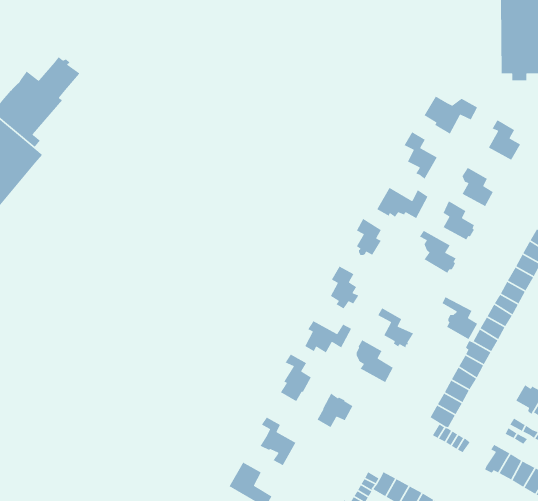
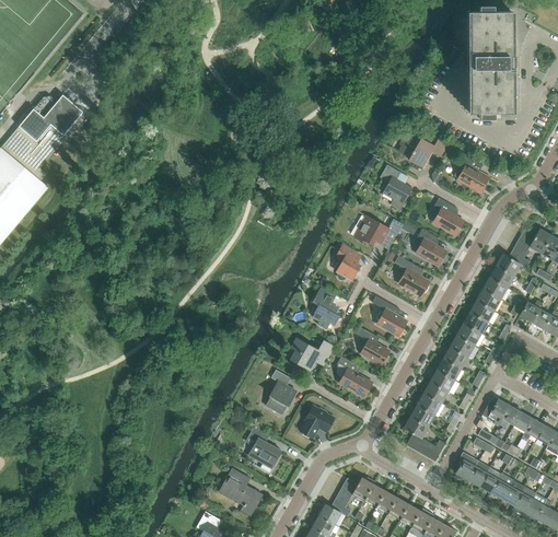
building: [441,296,478,340] -> [372,295,406,336]

